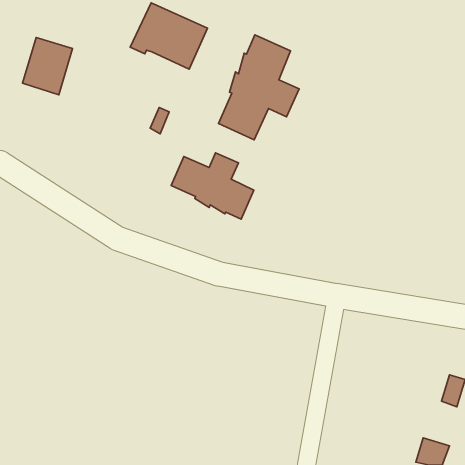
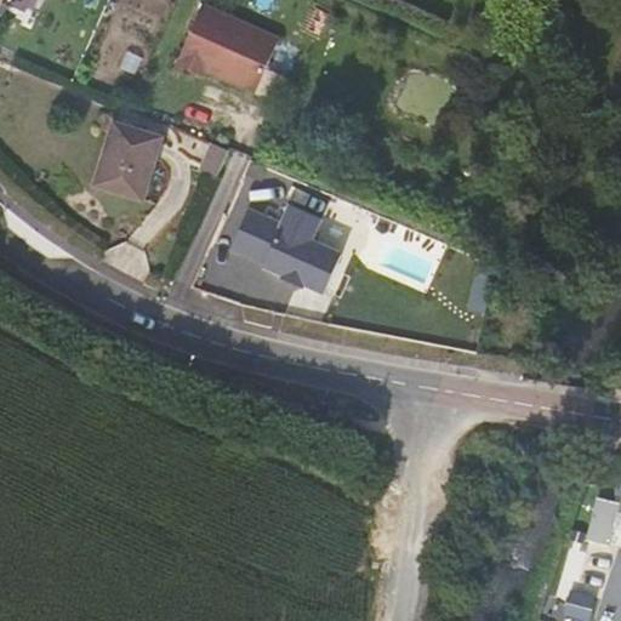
building: [218,35,299,140] -> none
building: [22,38,72,95] -> [95,124,161,200]

